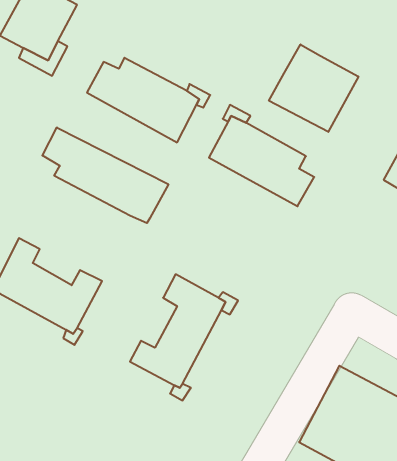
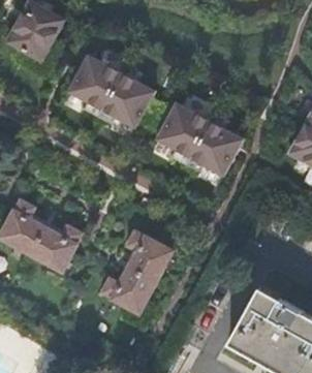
building: [269,44,358,132] -> none
building: [42,127,168,223] -> none

